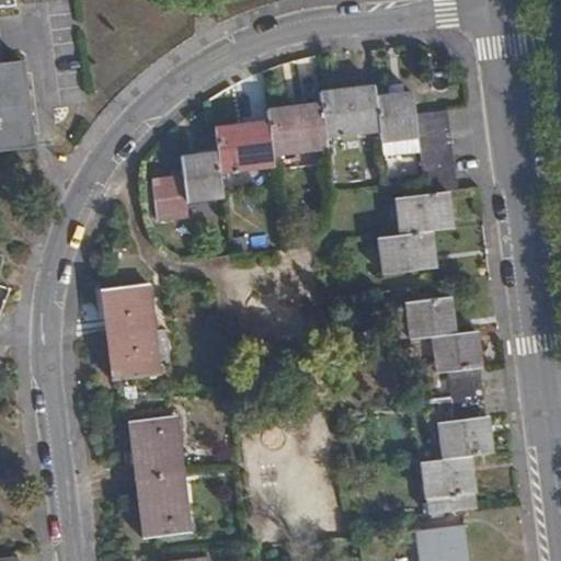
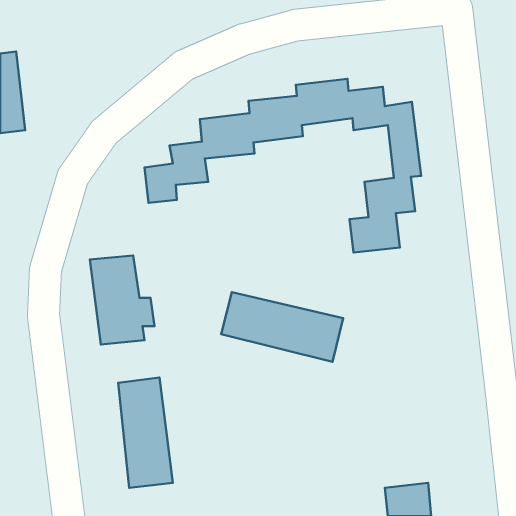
building: [407,298,490,497] -> none
building: none -> [221,292,343,362]

